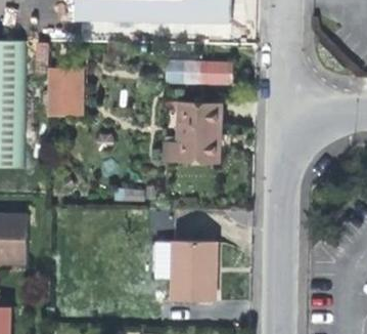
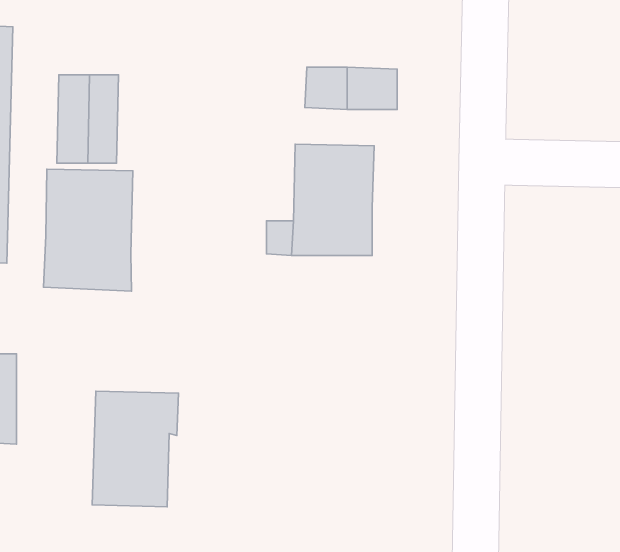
building: none -> [44,169,133,291]
building: [171,241,217,302] -> [92,391,179,507]

